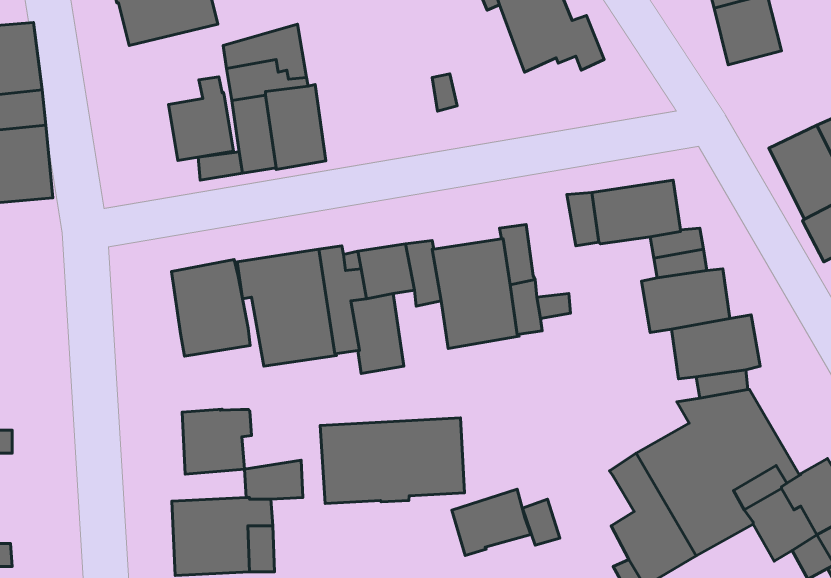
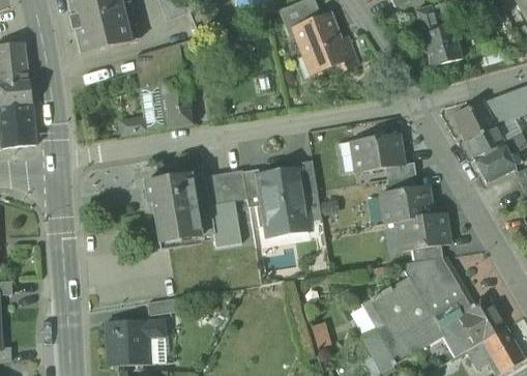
building: [168,77,233,161] -> none
building: [171,260,250,356] -> none
building: [182,409,251,474] -> none
building: [320,418,464,503] -> none
building: [452,489,531,555] -> none

